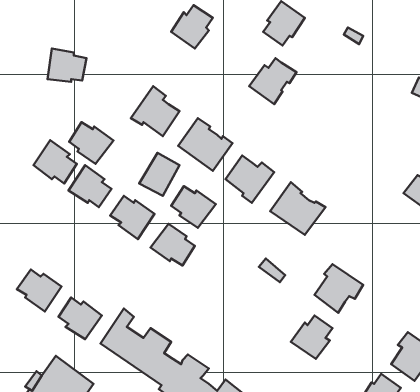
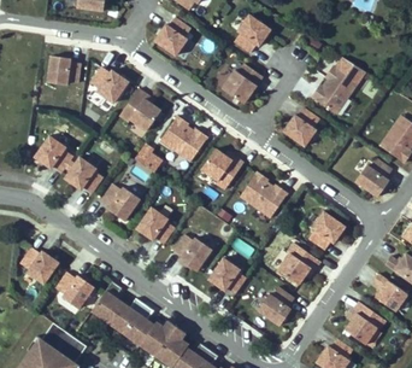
building: none -> [310,66,357,115]
building: none -> [282,107,318,146]
building: [69,122,114,164] -> [89,66,128,103]
building: [171,186,216,228] -> [172,234,211,270]
building: none -> [307,211,343,250]
building: none -> [207,257,246,294]

